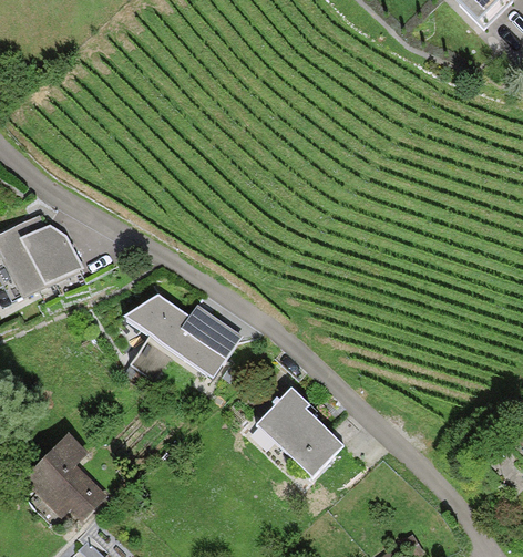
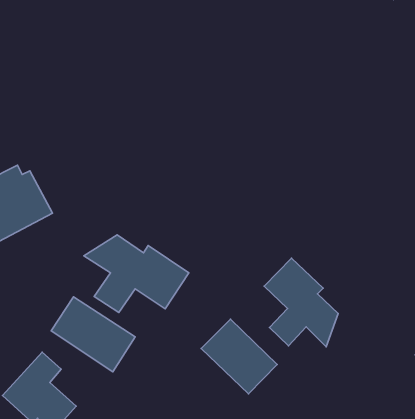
building: none -> [264,258,338,347]
building: none -> [51,297,135,372]

